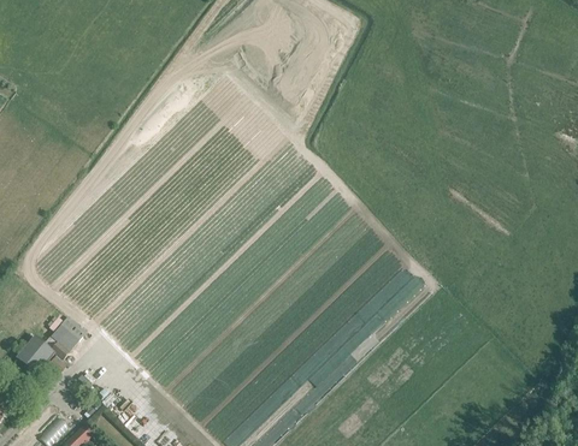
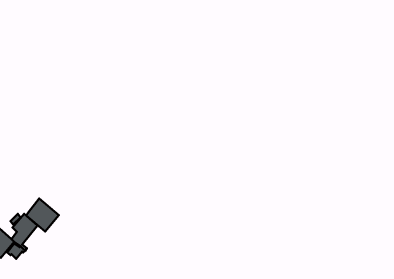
building: none -> [26,198,59,231]

